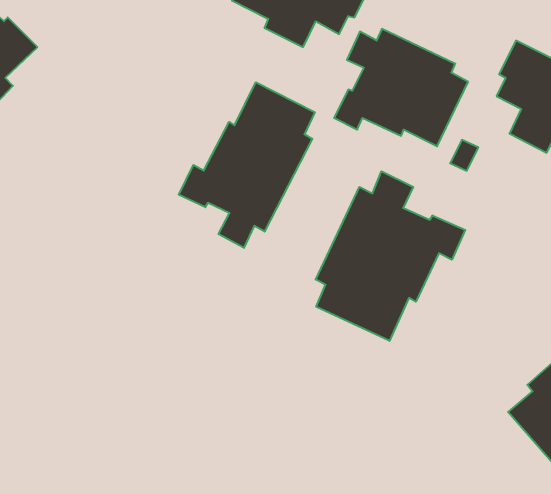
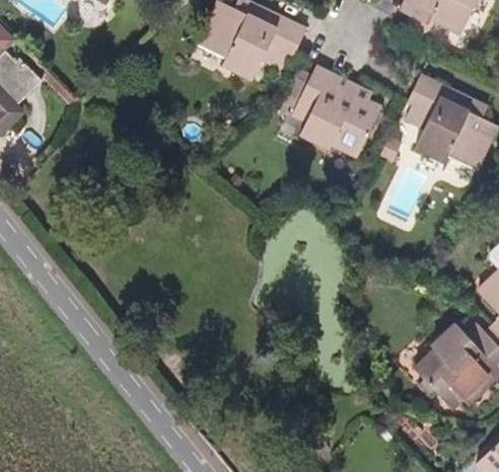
building: [179,82,315,248] -> none
building: [316,171,465,341] -> none

